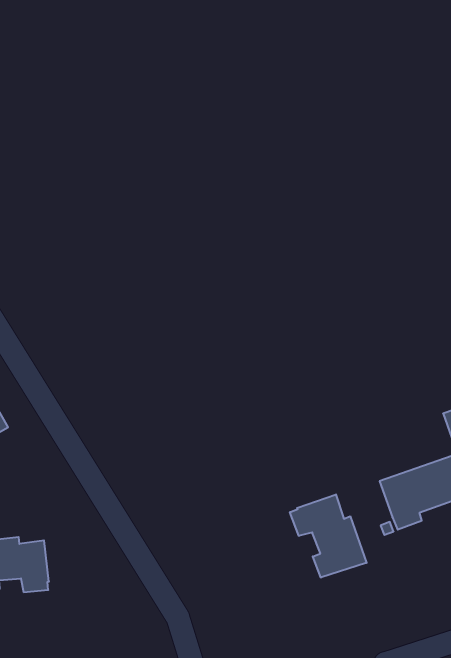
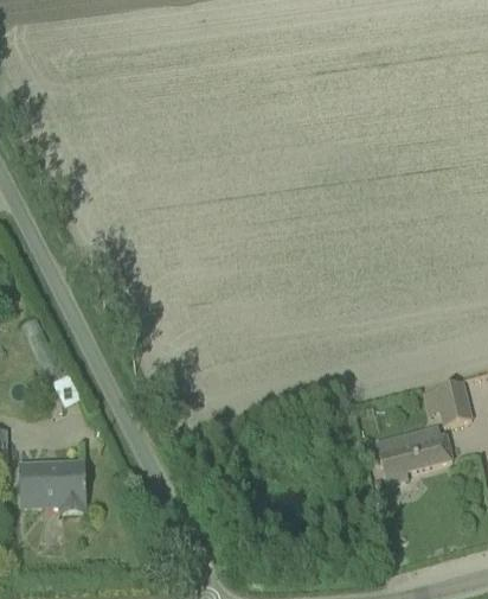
building: [290,494,367,578] -> none

